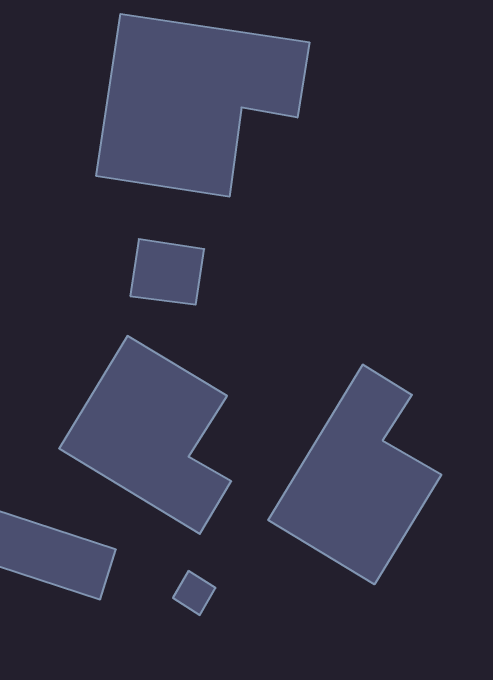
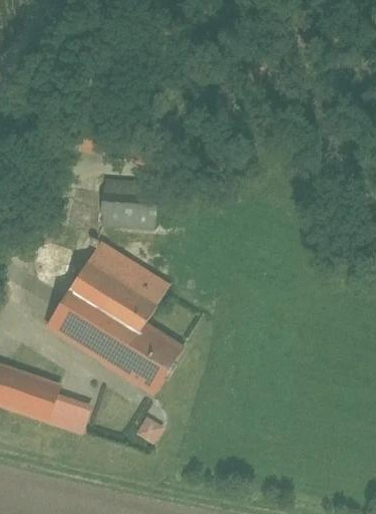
building: [96,14,309,197] -> none
building: [268,364,441,584] -> none

